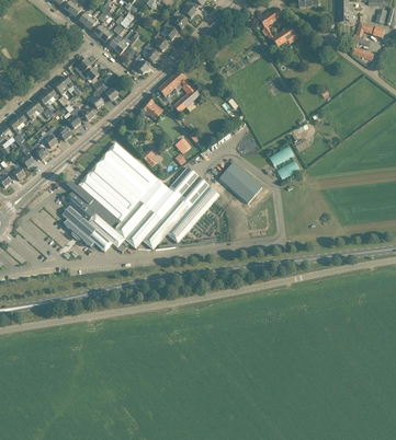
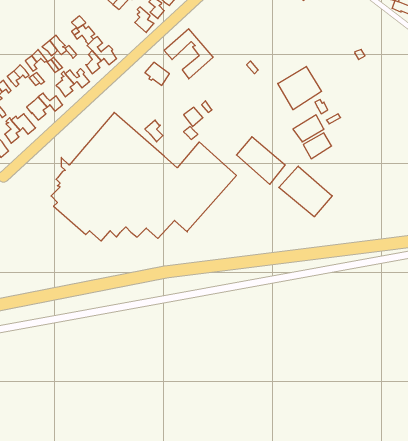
building: none -> [278,66,322,110]
building: none -> [279,166,332,217]

